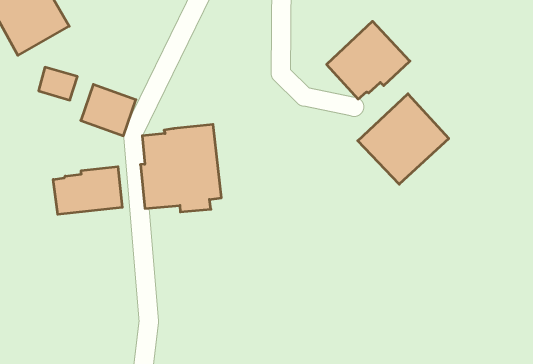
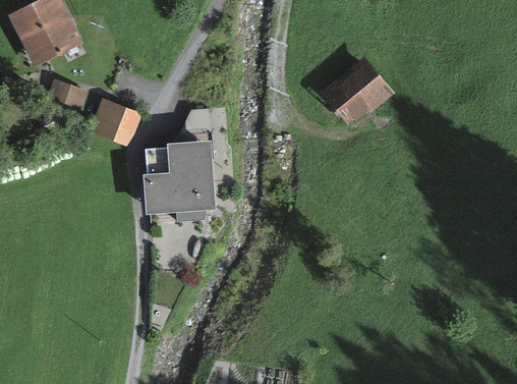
building: [358,94,449,184] -> none
building: [53,167,122,214] -> none

